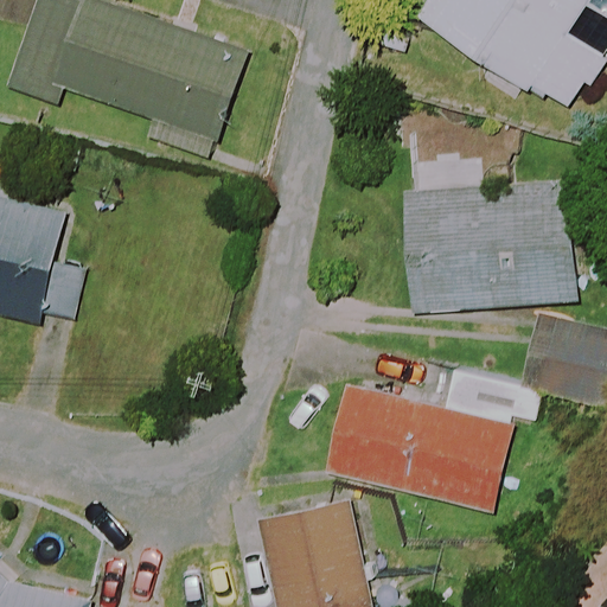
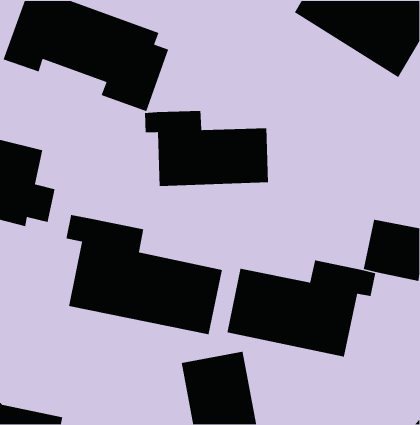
building: none -> [144,110,269,187]
building: [404,175,589,308] -> none
building: none -> [65,214,223,335]

